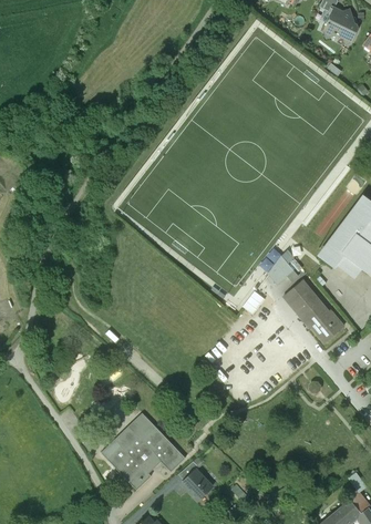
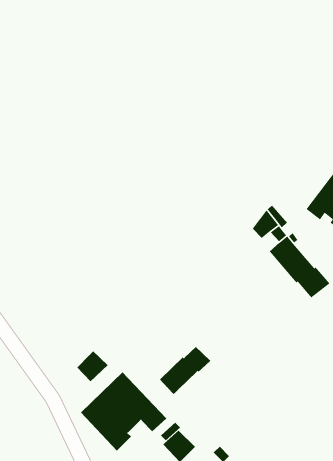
building: none -> [159,346,211,395]
building: none -> [76,350,108,382]

